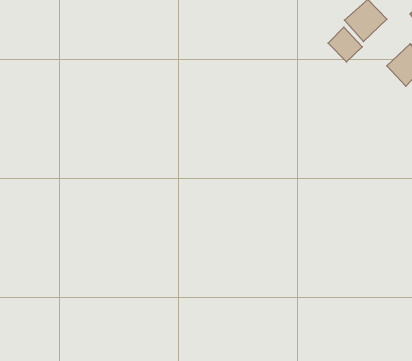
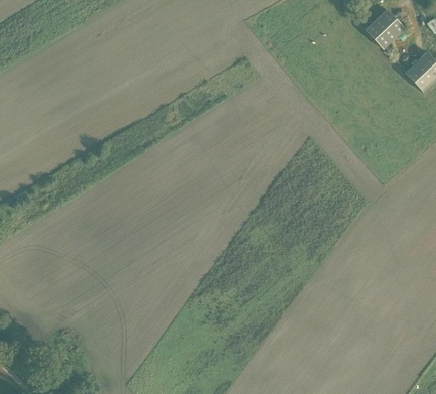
building: [328,27,362,62] -> none

